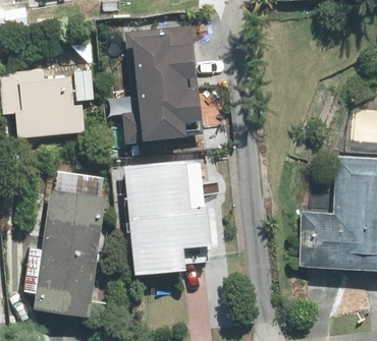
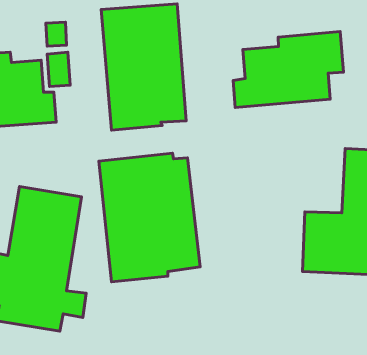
building: none -> [233,32,343,107]

